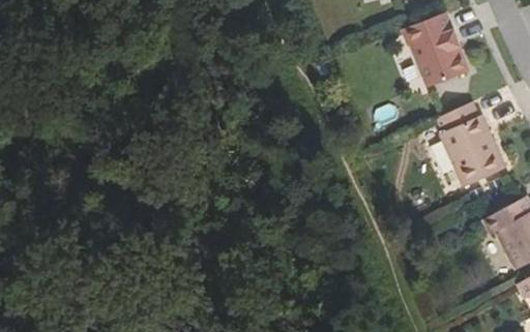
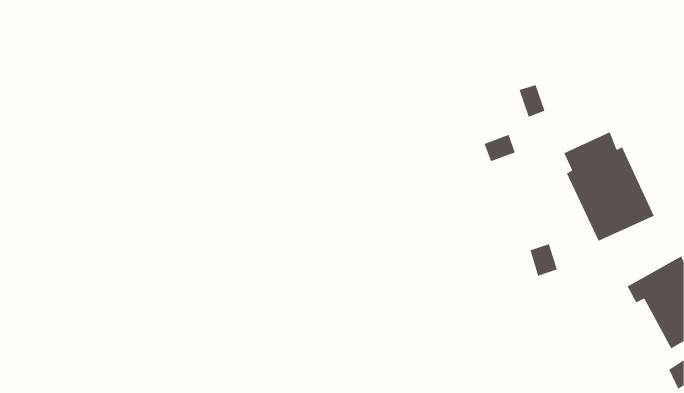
building: [404,11,470,86] -> none

